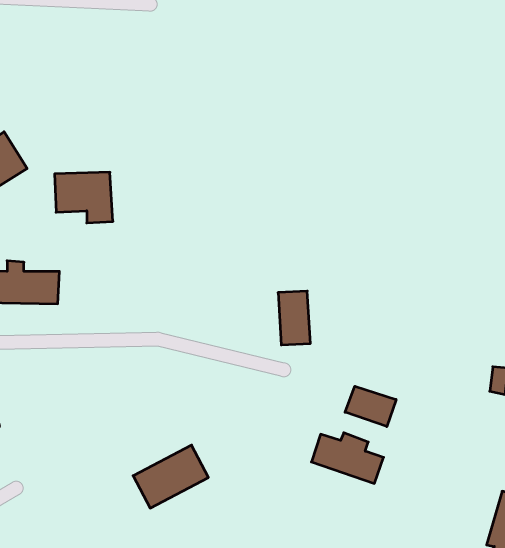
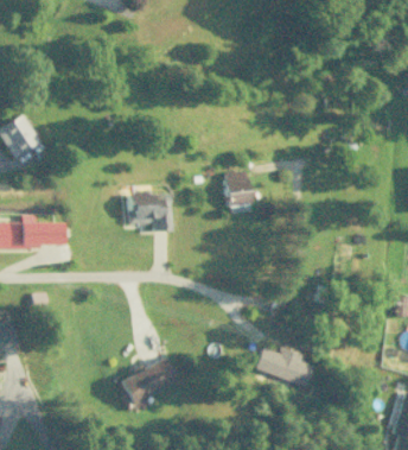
building: [55,172,113,223] -> [127,192,172,232]
building: [278,291,310,345] -> [225,171,250,213]
building: [345,386,396,427] -> none

